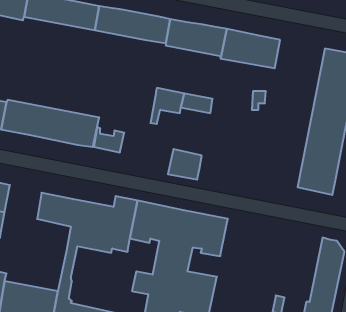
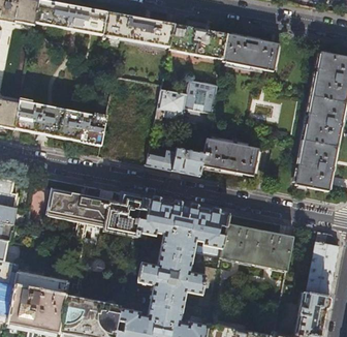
building: none -> [187,80,217,99]
building: [94,127,124,152] -> [147,147,176,171]
building: none -> [201,137,258,176]
building: none -> [220,223,292,271]

